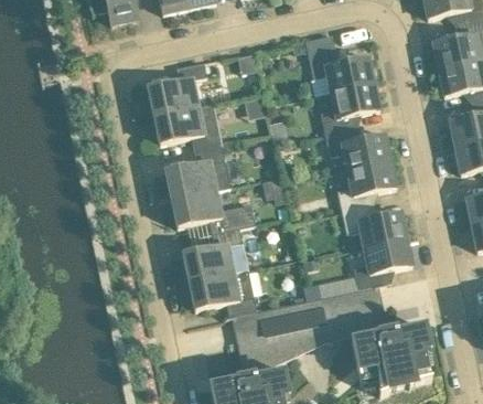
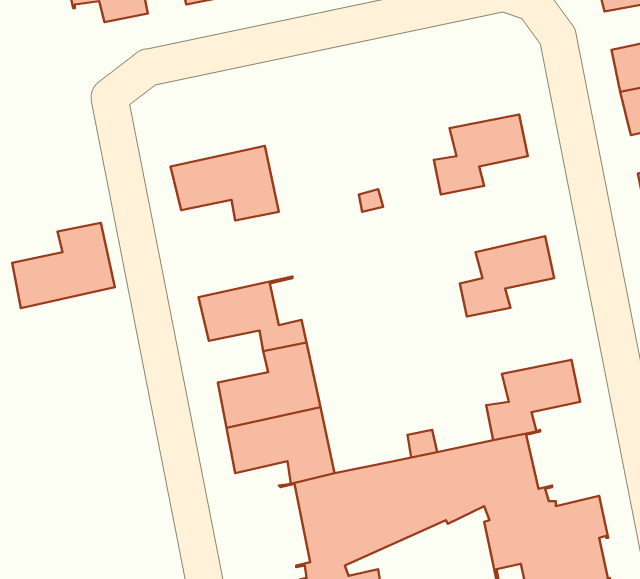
building: [304,33,374,91] -> none
building: [148,61,206,115] -> none
building: [324,127,390,169] -> none
building: [165,143,230,198] -> [12,223,115,308]
building: [341,204,407,246] -> none

